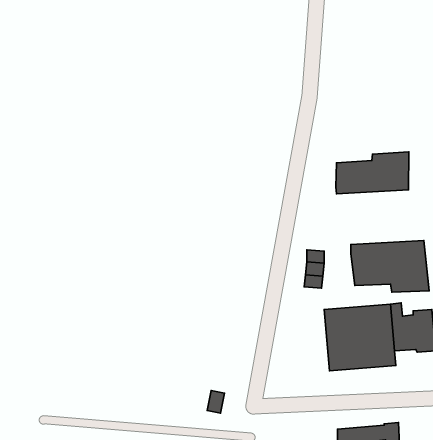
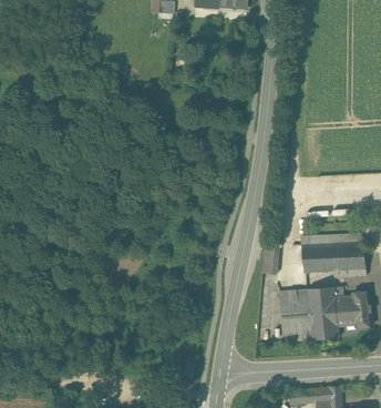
building: [336,152,409,194] -> none

